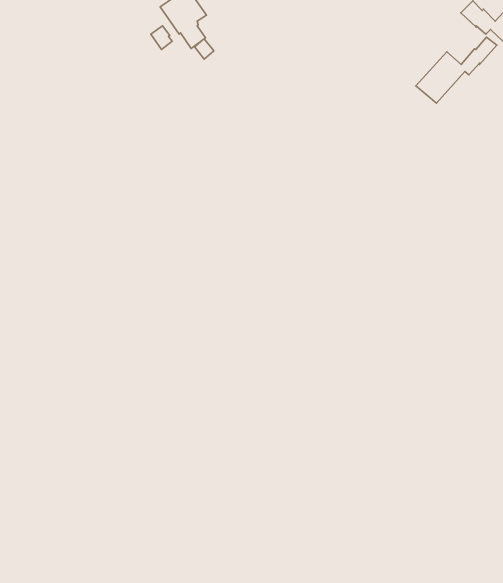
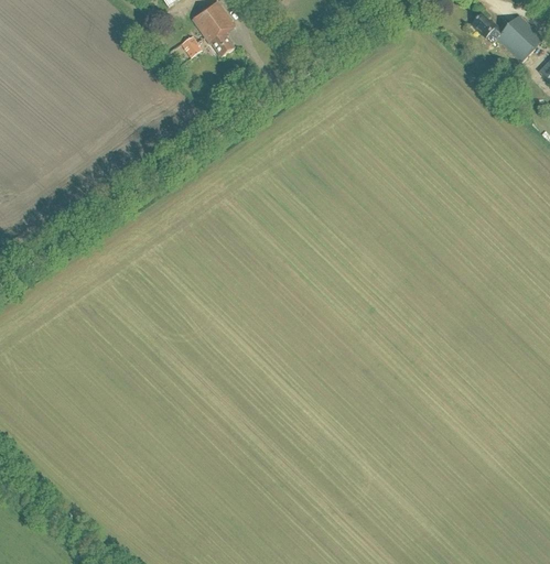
building: [416,37,497,103] -> none

